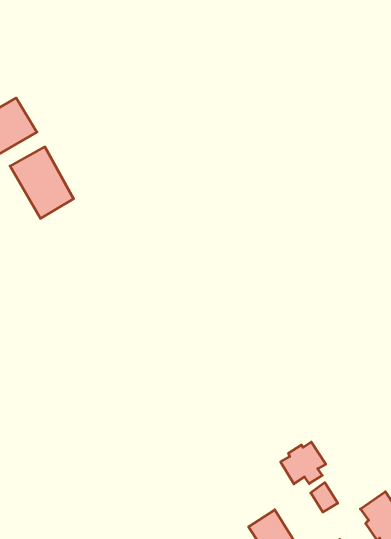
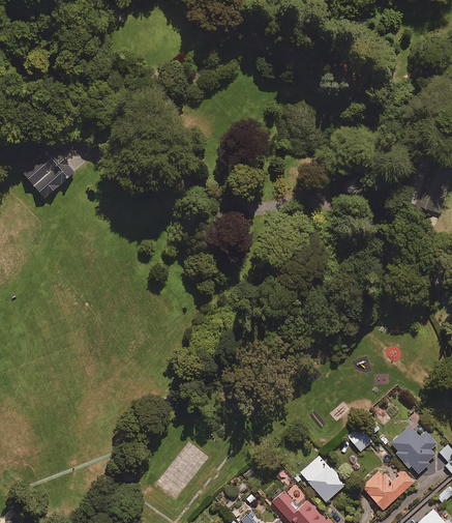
building: [10,147,74,218] -> none
building: [281,442,326,484] -> none

